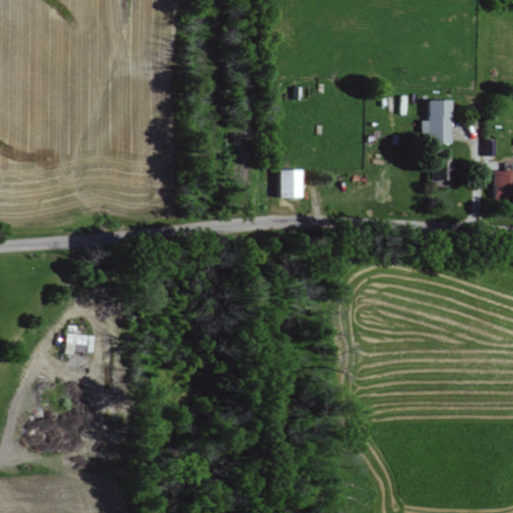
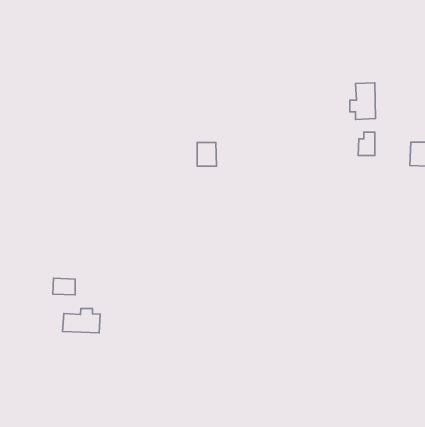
building: [281,169,304,197] -> [197,143,217,166]
building: none -> [63,308,100,333]

